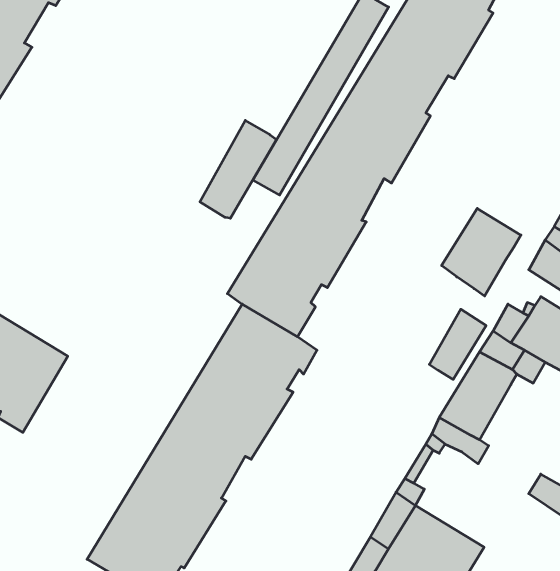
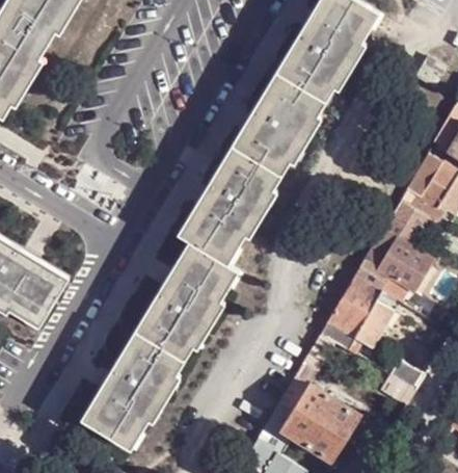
building: [200,120,277,218] -> none
building: [442,208,521,296] -> none
building: [429,309,486,379] -> [355,299,395,348]

